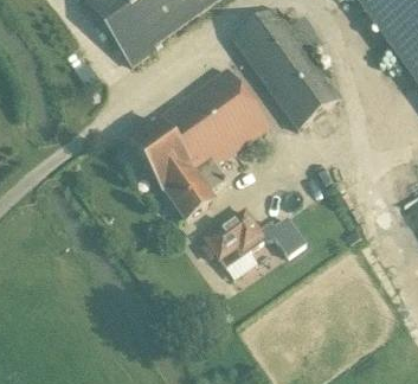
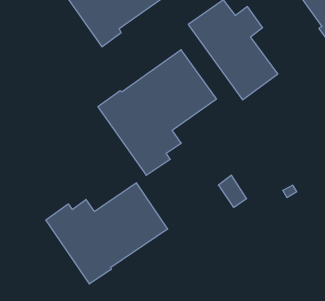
building: [205,206,262,263] -> none
building: none -> [46,183,168,284]

